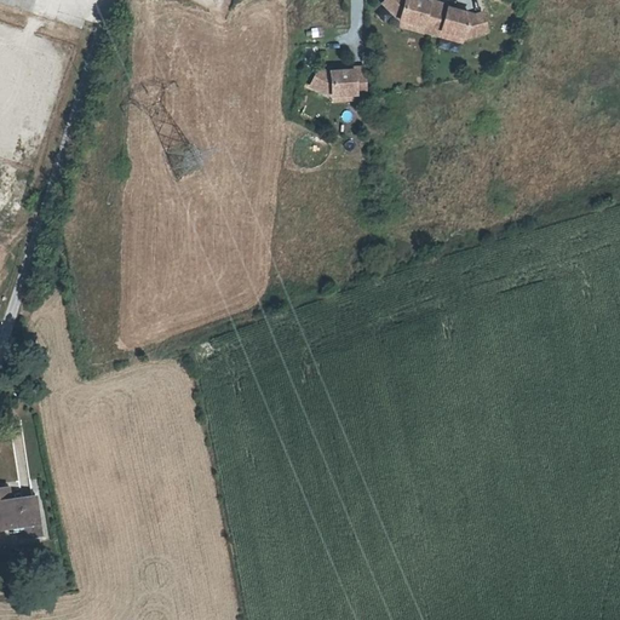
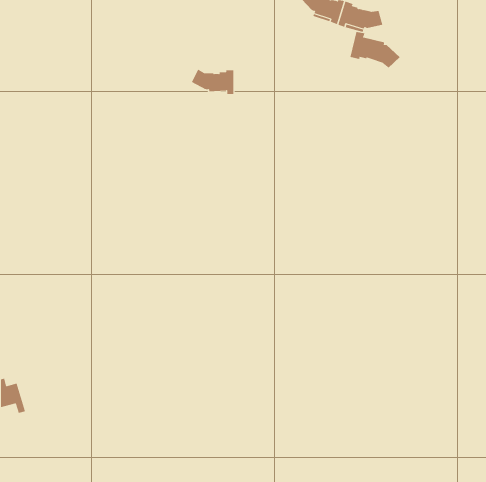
building: none -> [350,31,400,68]
building: [310,67,364,99] -> [191,69,234,95]

